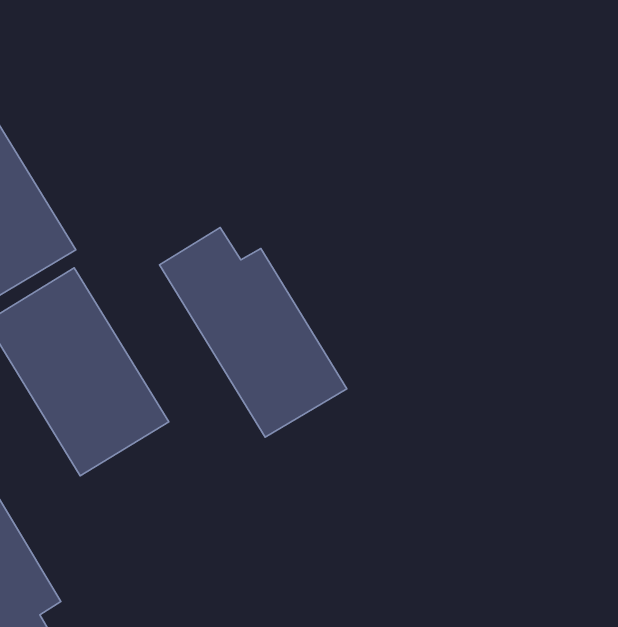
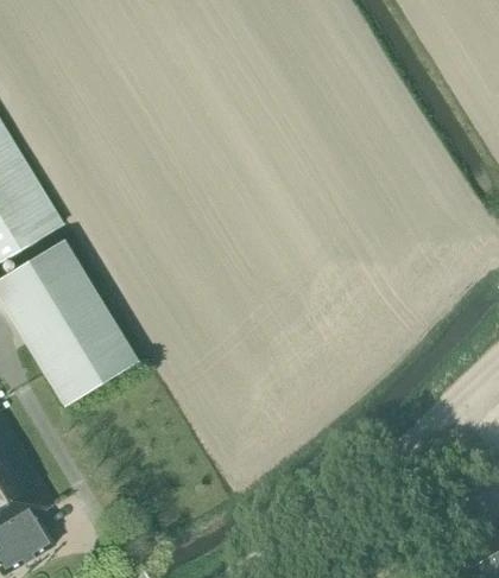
building: [160,227,347,437] -> none

